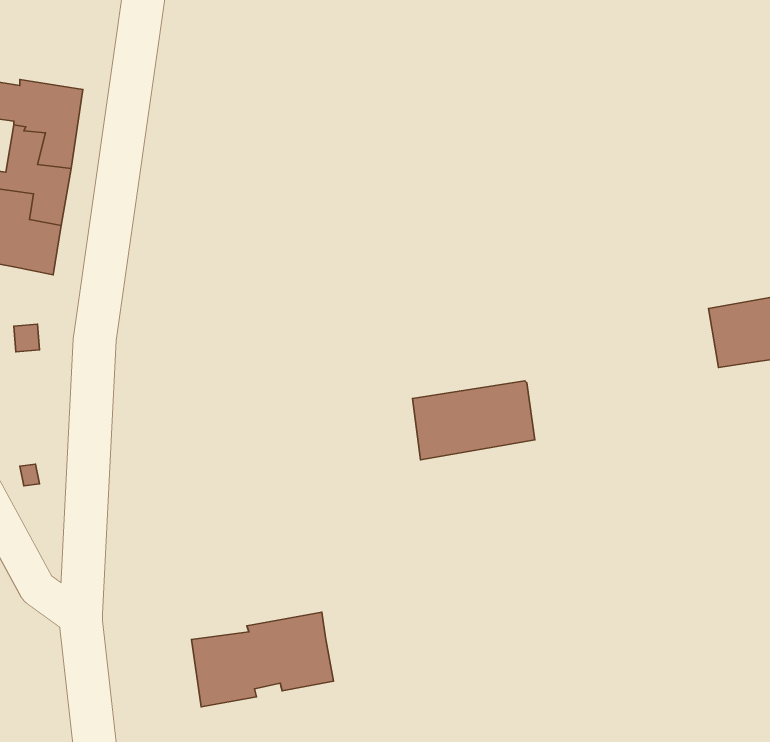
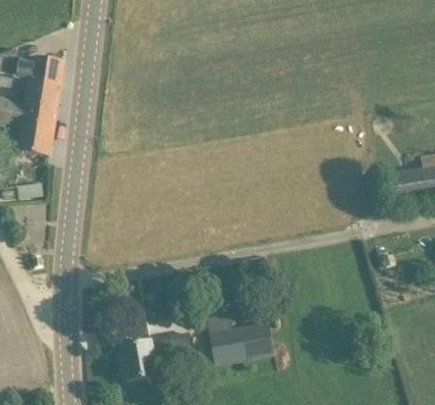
building: [413,381,535,460] -> [210,323,273,364]

